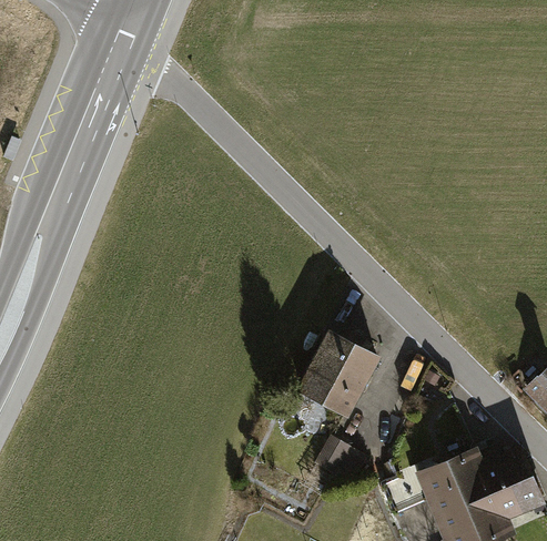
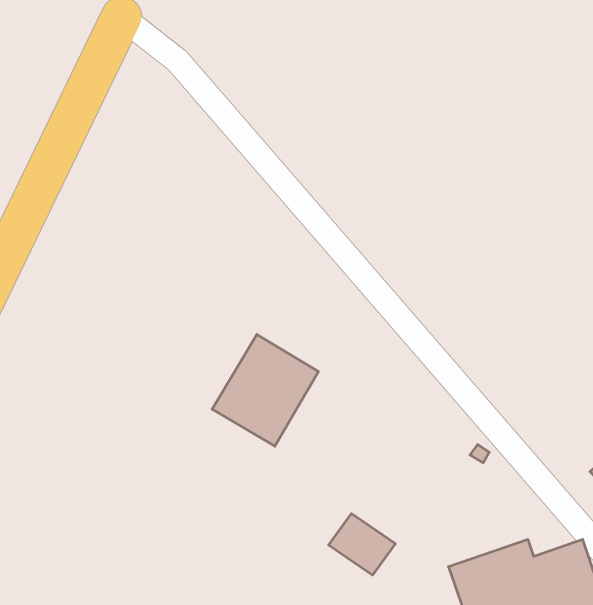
building: [295,329,379,419] -> [212,334,318,446]

